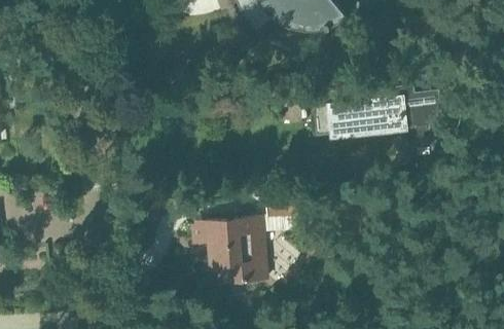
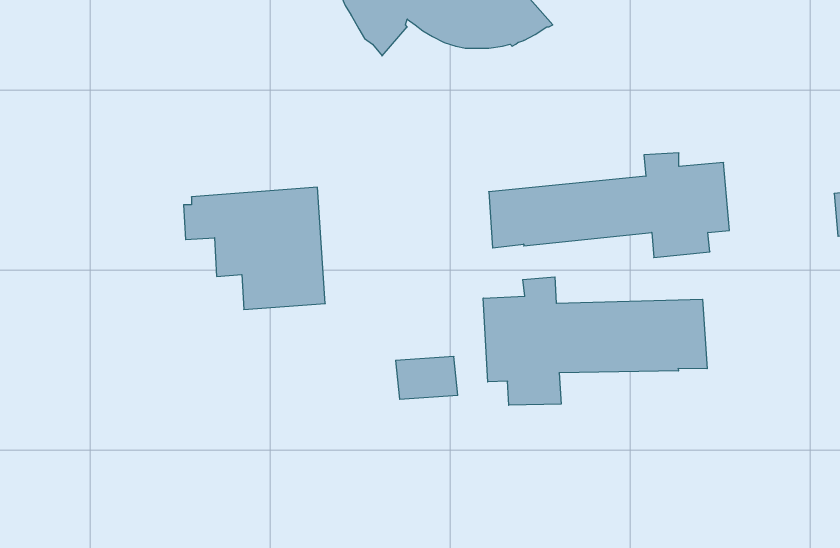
building: none -> [483,277,707,405]
building: [191,217,266,282] -> [184,187,325,309]

